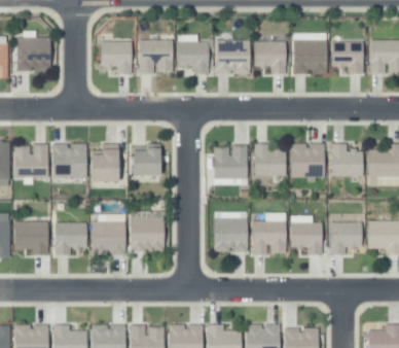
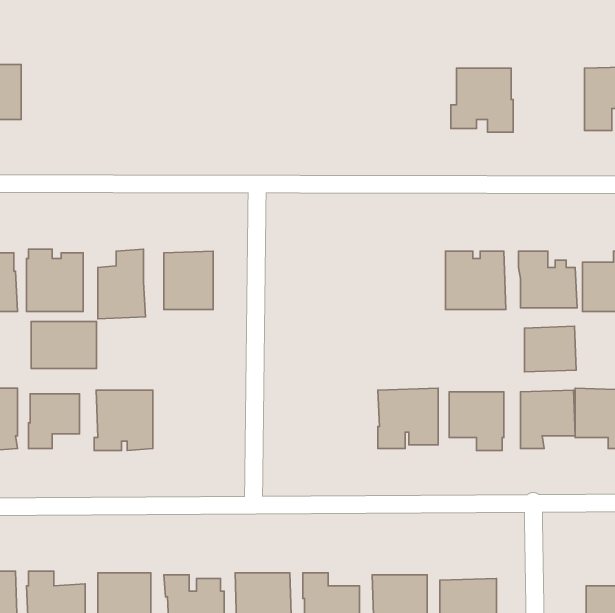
building: [139,39,172,73] -> none
building: [179,40,209,73] -> none
building: [216,40,250,74] -> none
building: [254,40,286,73] -> none
building: [329,40,362,74] -> none
building: [100,41,132,74] -> none
building: [253,144,284,176] -> none
building: [211,146,246,178] -> none
building: none -> [31,322,96,368]
building: none -> [524,326,576,372]
building: [132,217,164,252] -> none
building: [215,217,248,252] -> none

